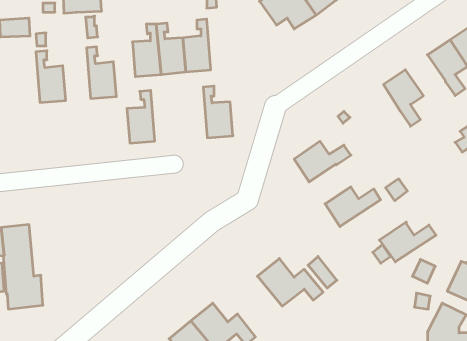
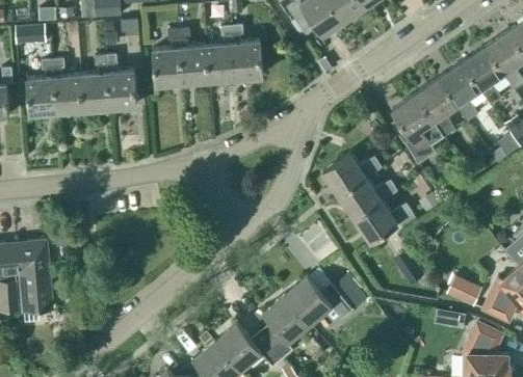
building: none -> [26,60,56,115]
building: none -> [439,63,480,123]
building: none -> [392,95,434,154]
building: [203,86,233,138] -> [231,25,262,79]
building: [127,90,155,143] -> [80,56,109,111]
building: [379,222,436,262] -> [338,178,397,219]
building: none -> [261,295,310,358]

